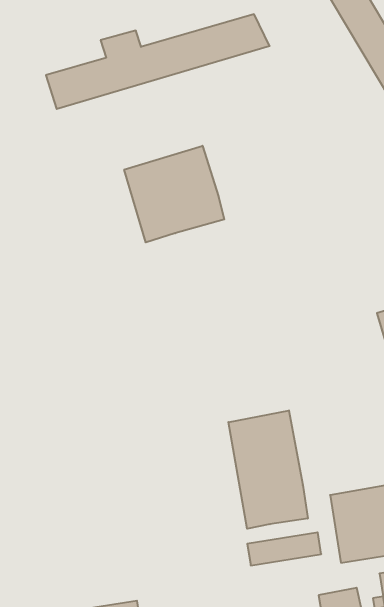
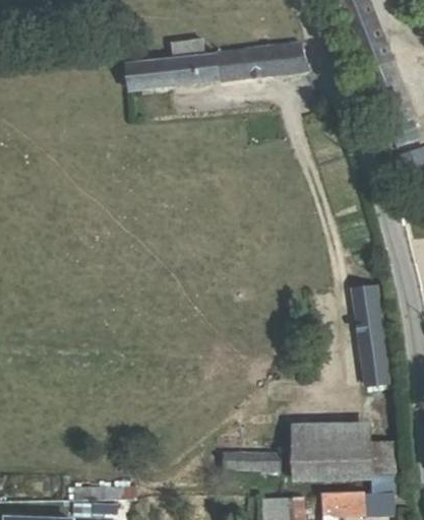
building: [124,146,224,242] -> none
building: [228,410,308,529] -> none

